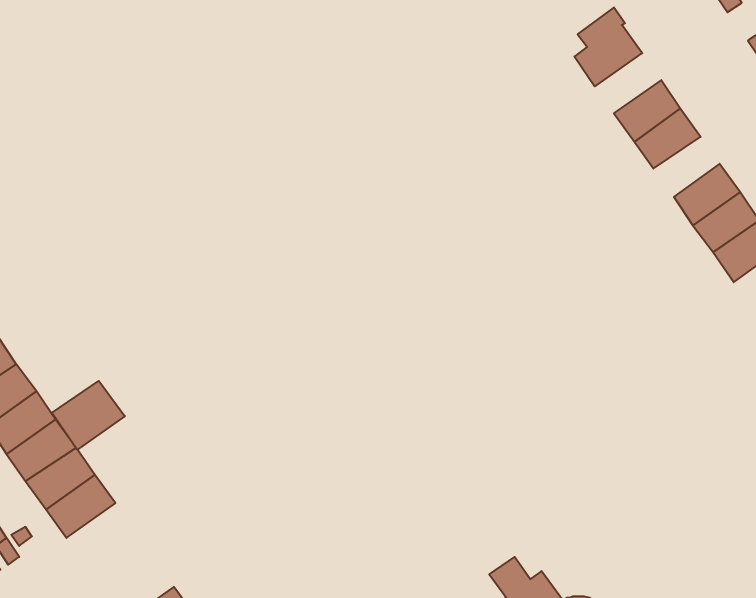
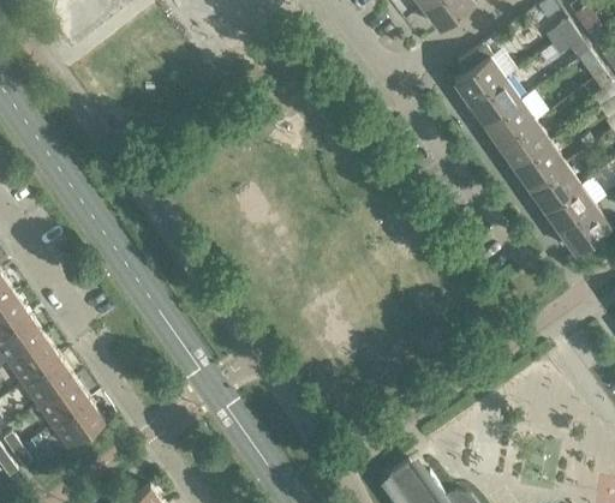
building: none -> [468,79,519,125]
building: none -> [513,143,563,188]
building: [52,381,125,450] -> none

